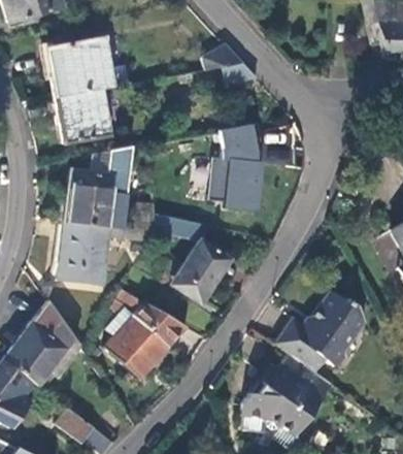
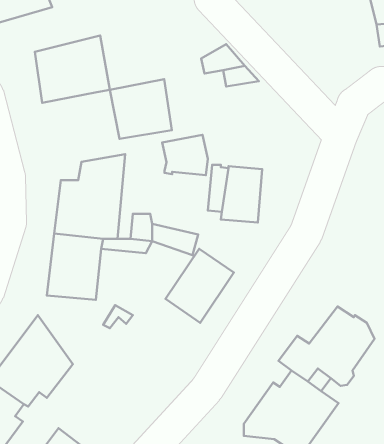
building: [53,88,111,144] -> [110,79,172,139]
building: [220,123,263,161] -> [162,135,208,175]
building: [105,302,184,379] -> none

